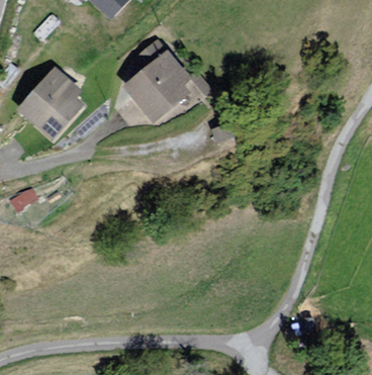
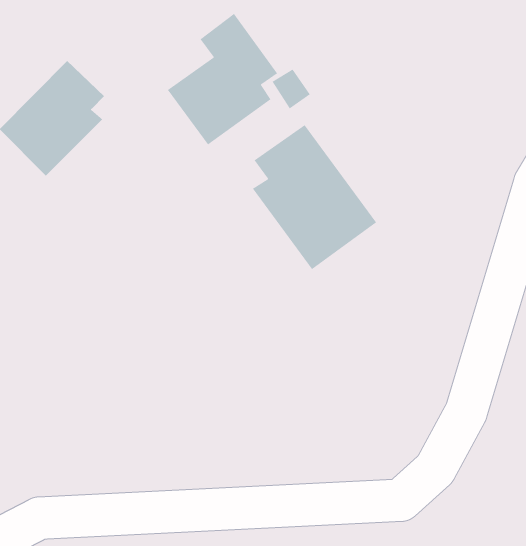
building: none -> [252,124,377,270]

